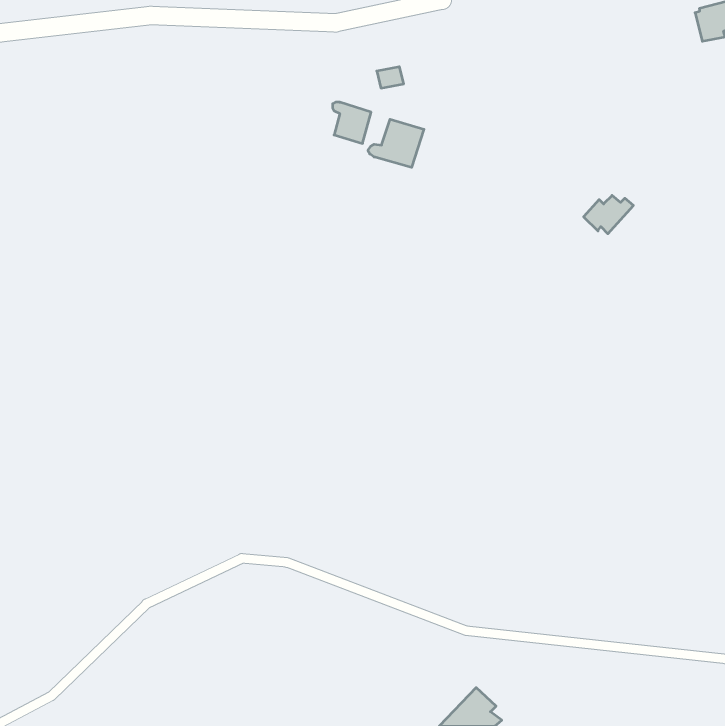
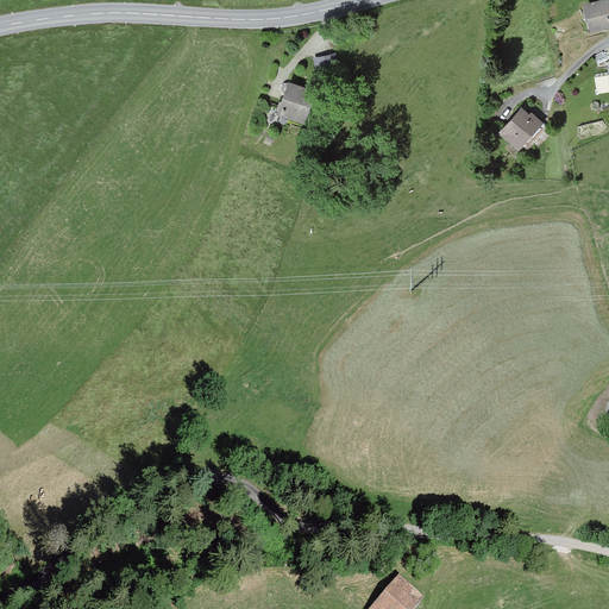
building: [368,119,424,167] -> none
building: [584,195,633,234] -> [500,112,541,144]

